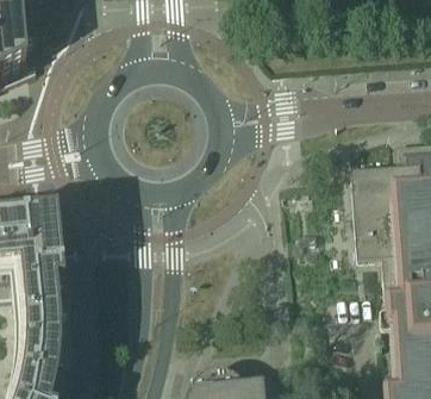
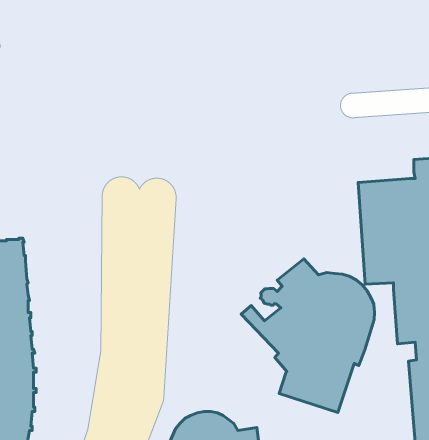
building: none -> [241,259,375,412]

